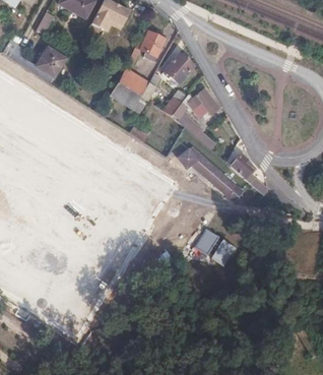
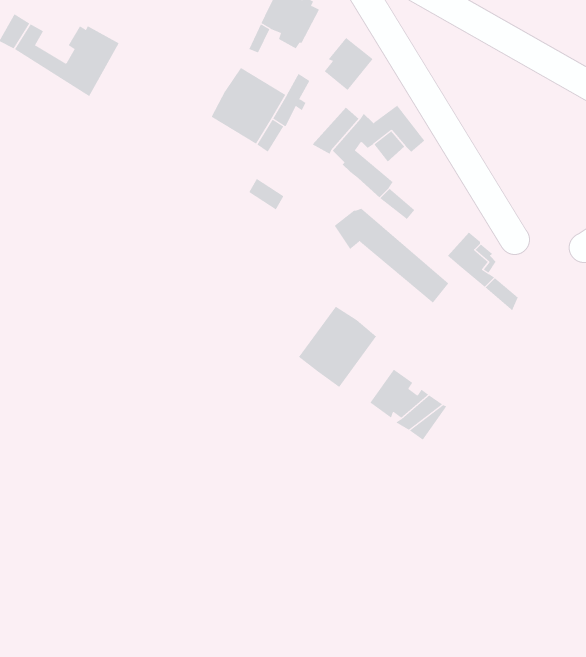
building: none -> [298,306,377,388]

